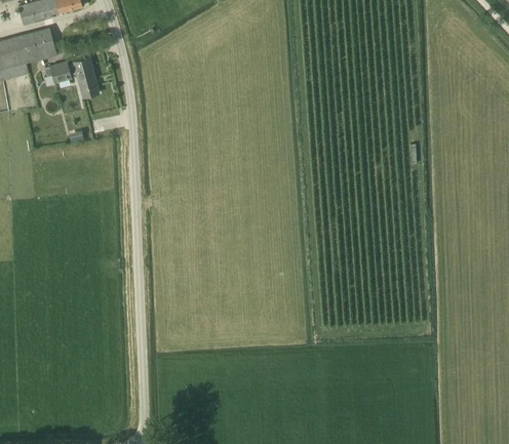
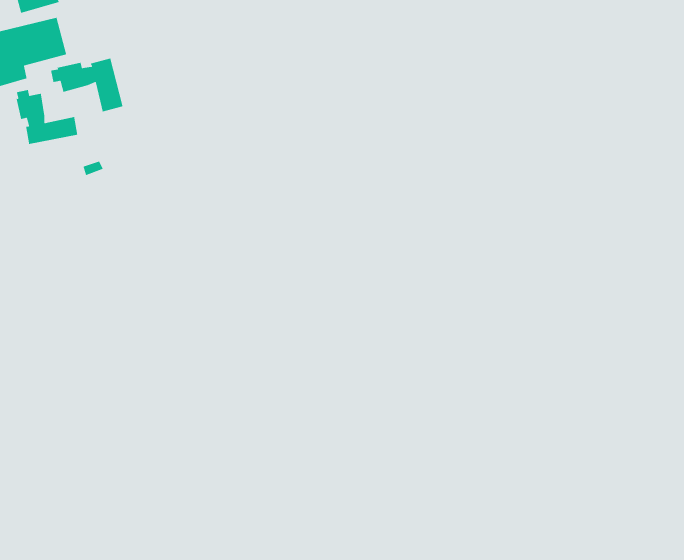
building: none -> [16,89,78,145]

